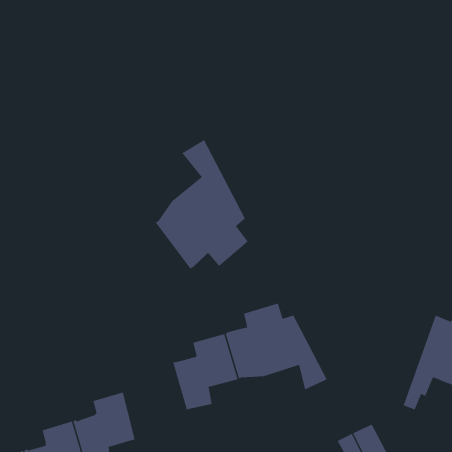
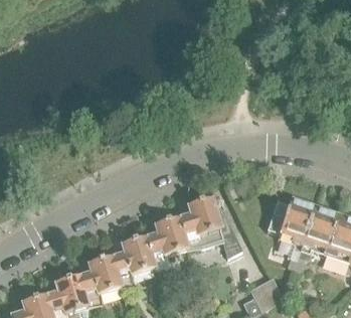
building: [155,139,249,269] -> none
building: none -> [265,196,311,267]
building: none -> [107,238,148,289]

